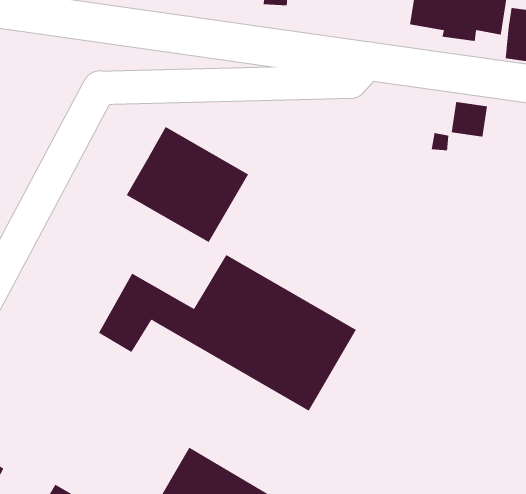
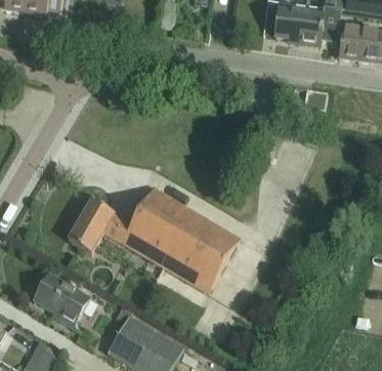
building: [125,126,249,243] -> none
building: none -> [34,272,90,326]

